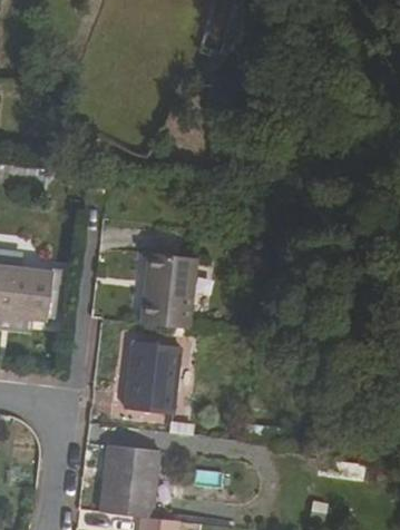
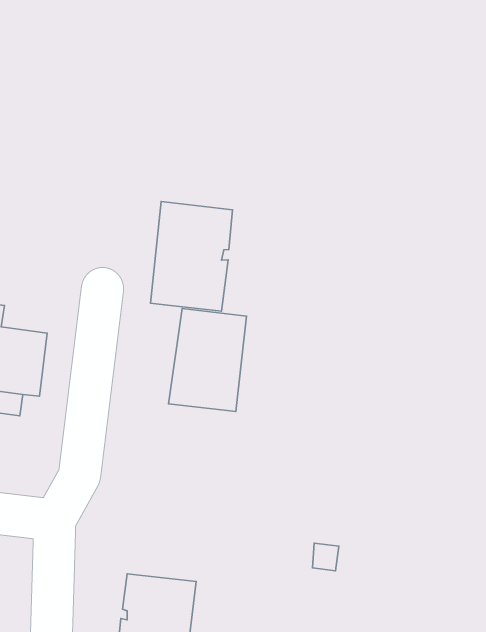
building: none -> [150,202,232,311]
building: [124,342,179,415] -> none

